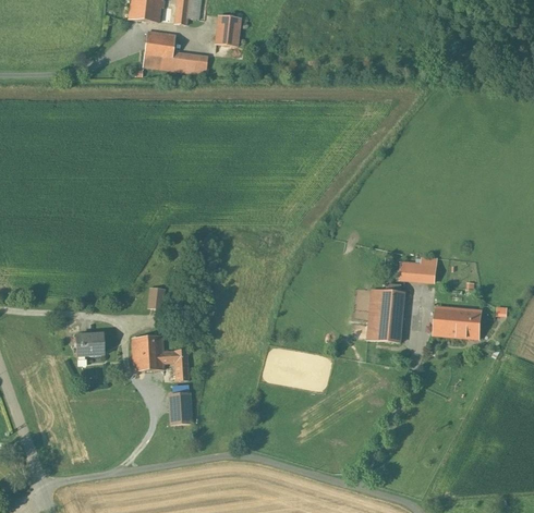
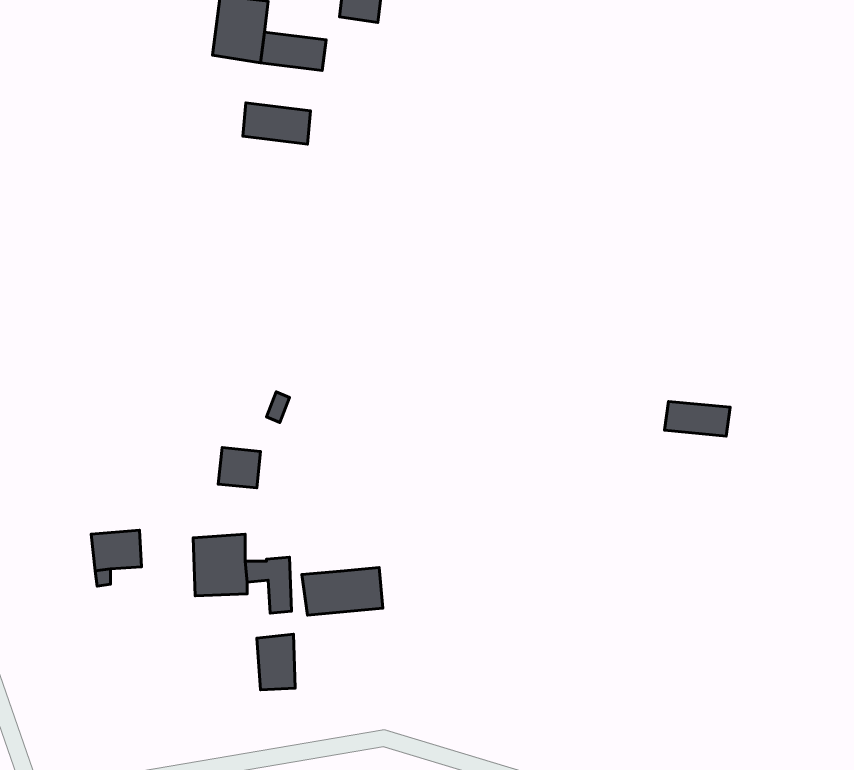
building: none -> [243,103,311,144]
building: [366,288,404,342] -> none
building: [433,304,481,338] -> none
building: none -> [302,568,383,615]

